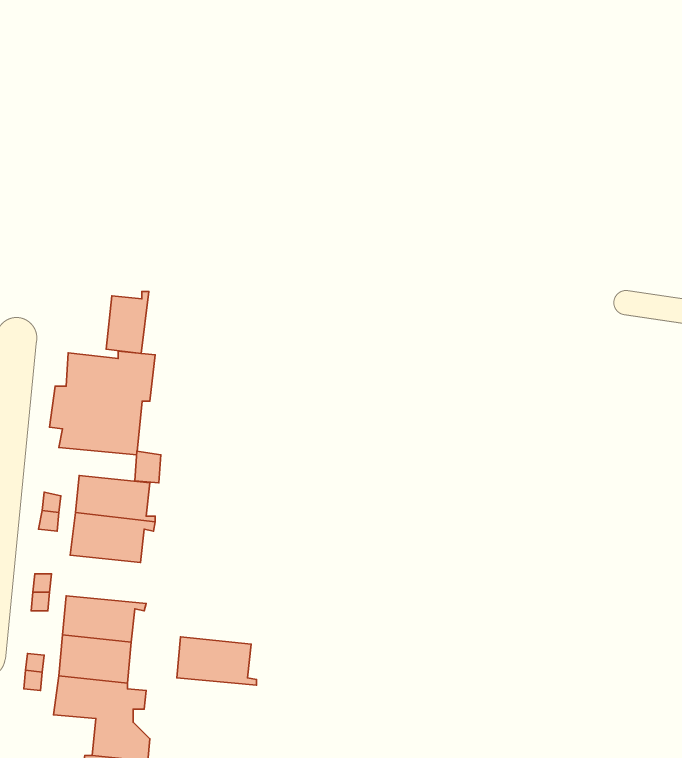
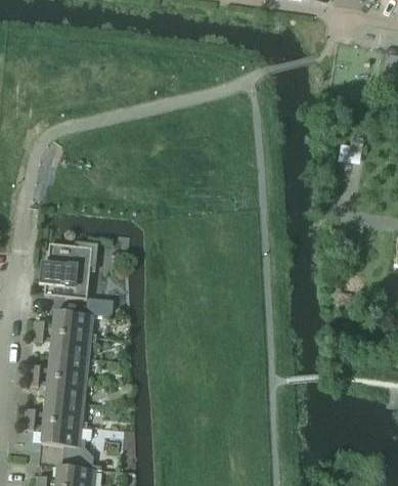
building: [106,291,149,353] -> none
building: [177,637,257,685] -> [47,354,91,381]

